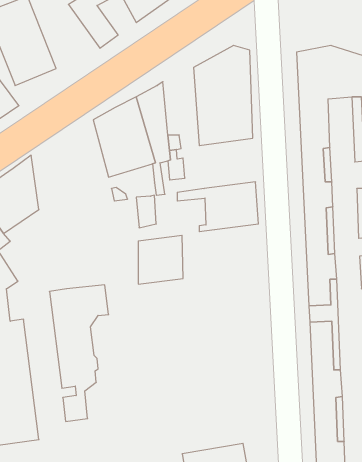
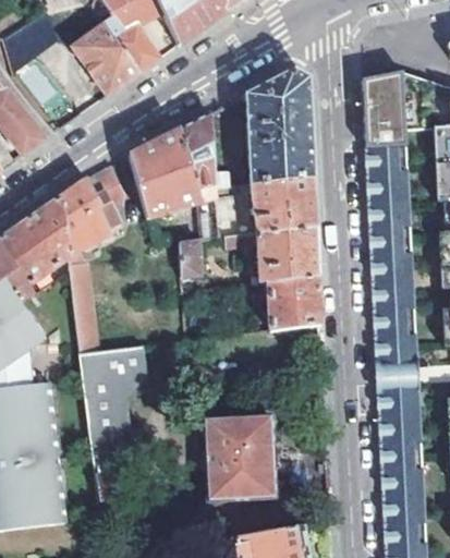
building: none -> [72,23,138,95]
building: none -> [60,167,125,351]
building: none -> [252,175,316,233]
building: [138,235,183,284] -> [269,274,320,329]
building: none -> [204,415,276,500]

